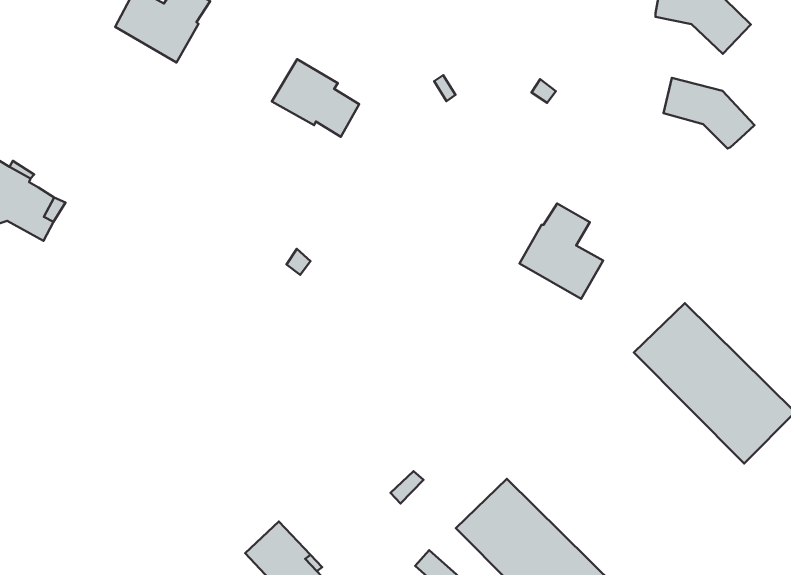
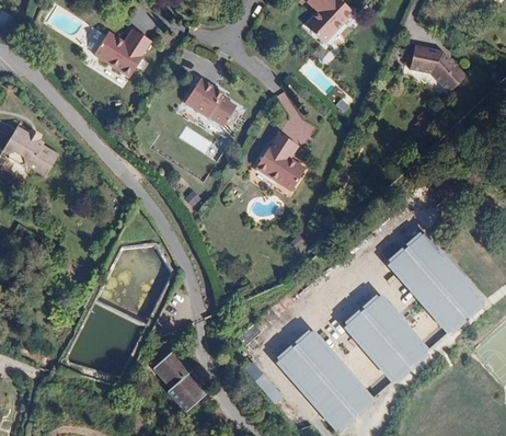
building: [664,78,755,149] -> none
building: [520,204,603,299] -> [255,130,304,187]
building: none -> [345,298,426,380]

